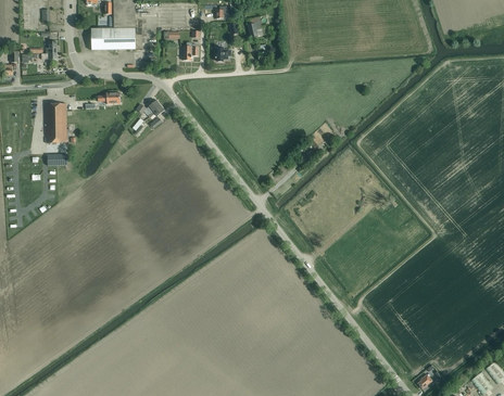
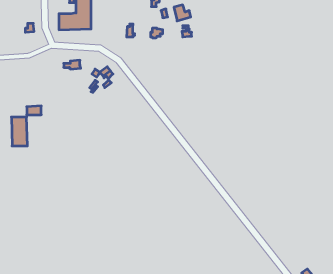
building: [46,103,67,142] -> [11,117,27,146]

